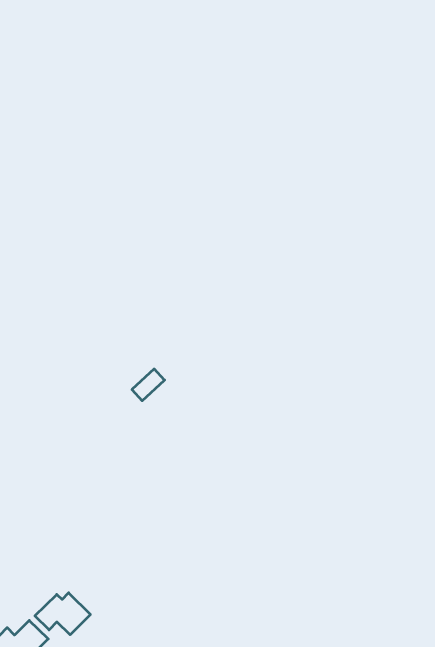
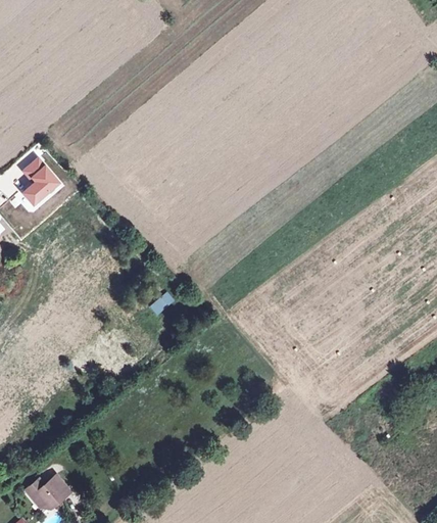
building: [35,593,90,635] -> none

